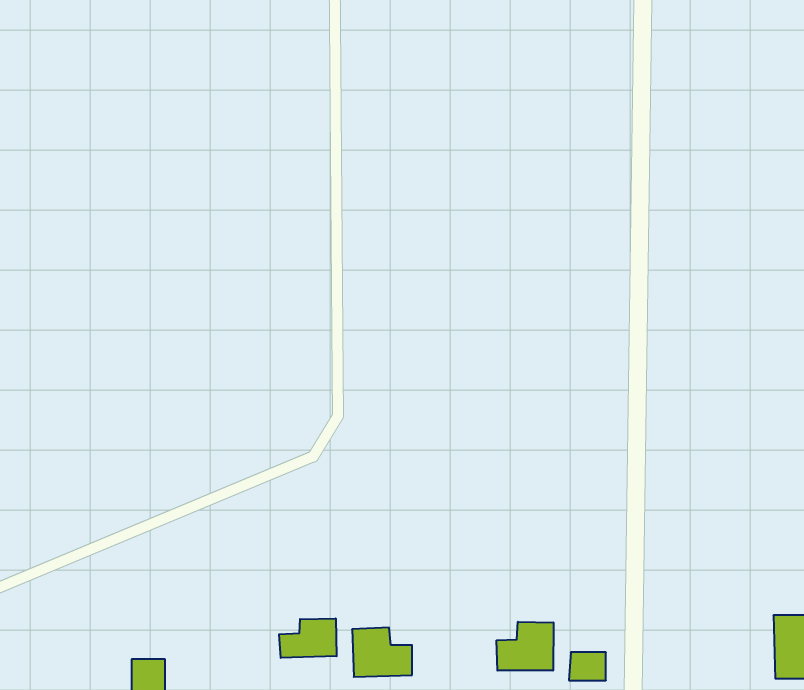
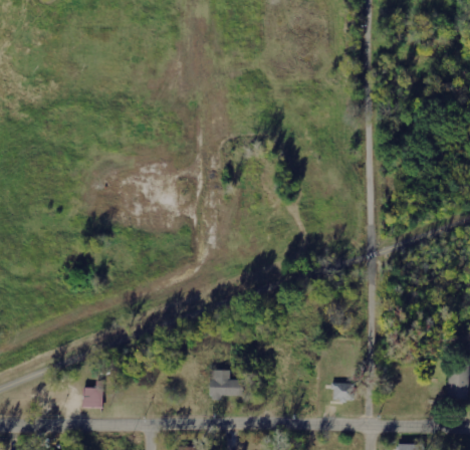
building: [279,618,337,658] -> none
building: [497,622,553,671] -> none

